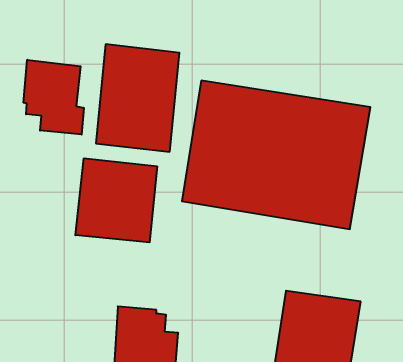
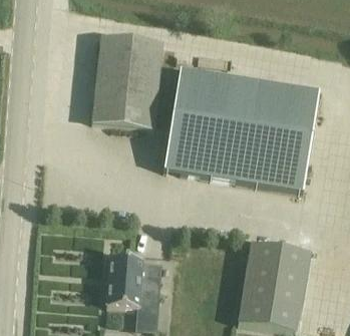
building: [24,60,84,135] -> none
building: [75,158,157,242] -> none

